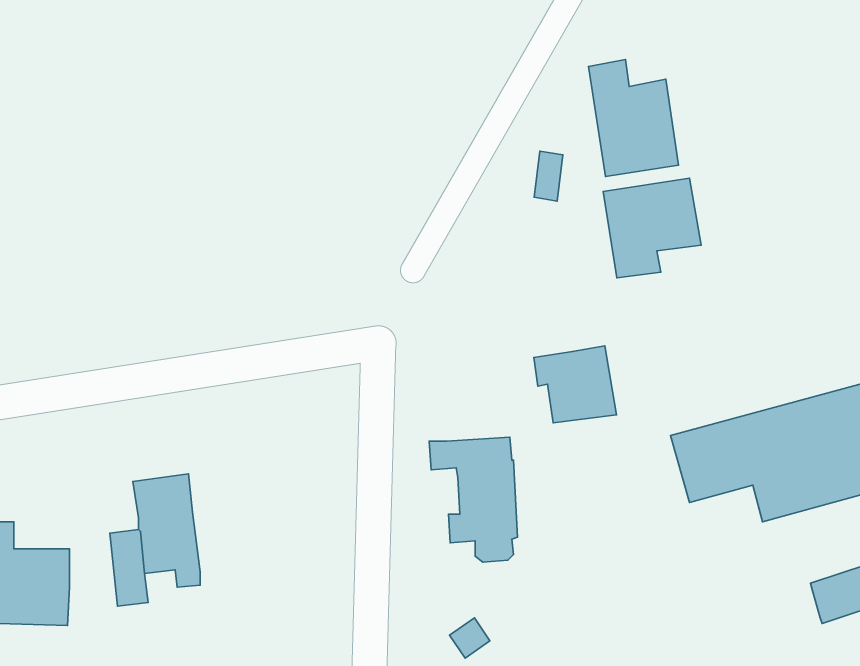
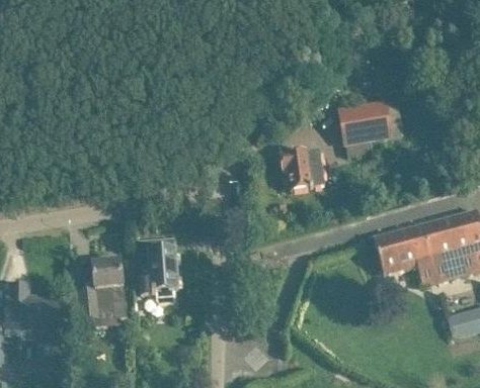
building: [589,59,678,176] -> none
building: [534,346,617,423] -> [281,148,324,188]
building: [429,437,518,562] -> [132,236,178,302]

